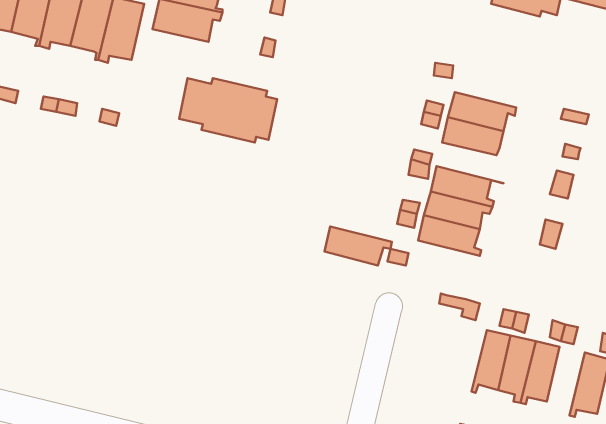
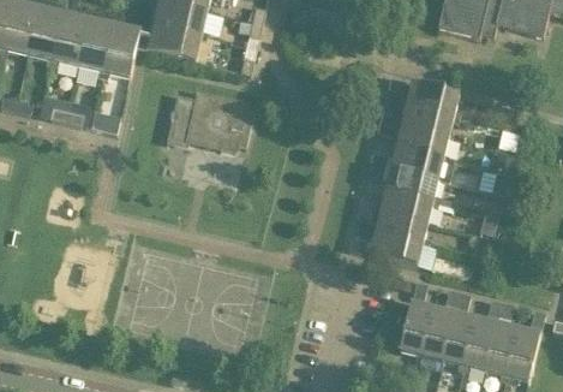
building: none -> [406,82,460,117]
building: none -> [390,147,453,182]
building: [325,226,392,266] -> [370,231,427,265]
building: none -> [400,302,433,361]
building: none -> [485,322,517,381]

